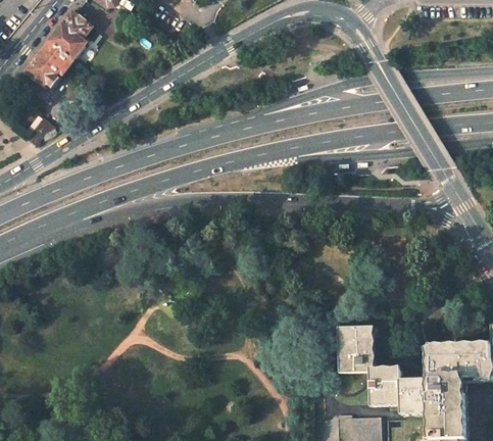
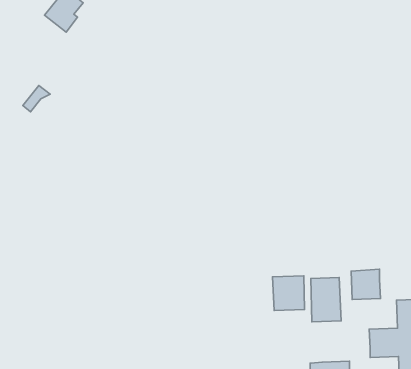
building: [27,41,73,90] -> none
building: none -> [273,276,305,311]
building: [372,371,403,403] -> [351,269,380,299]

